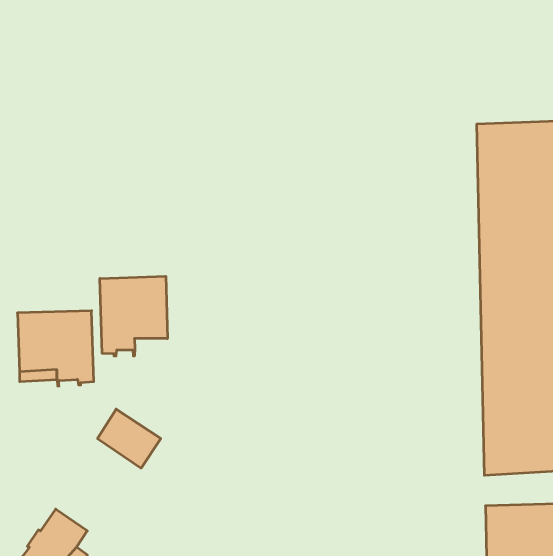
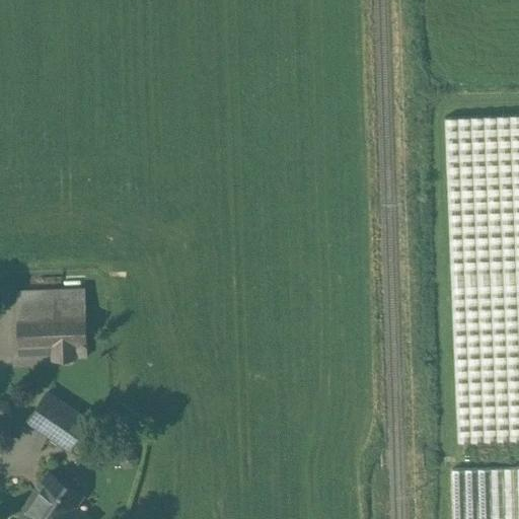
building: [100,276,167,356] -> none
building: [98,409,161,468] -> [33,393,92,448]

